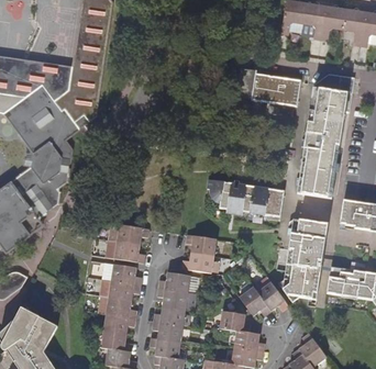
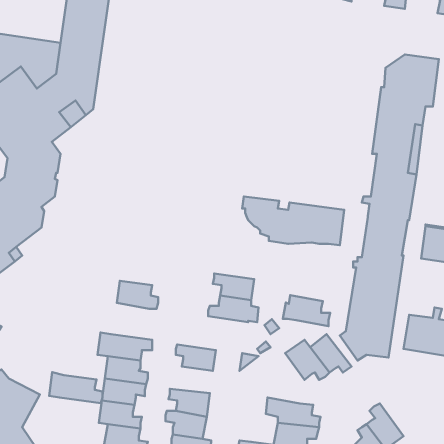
building: [235,68,300,105] -> none
building: [107,224,148,245] -> none
building: [101,262,141,286] -> [49,372,102,403]
building: [158,272,190,293] -> none
building: [153,305,190,326] -> none
building: [215,310,251,333] -> [283,295,330,326]

